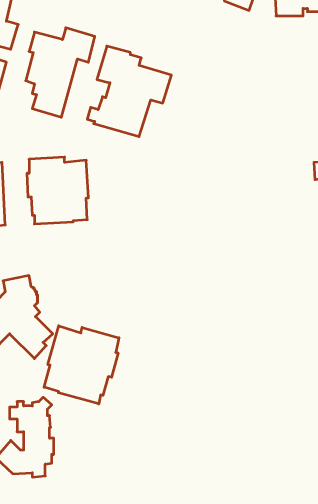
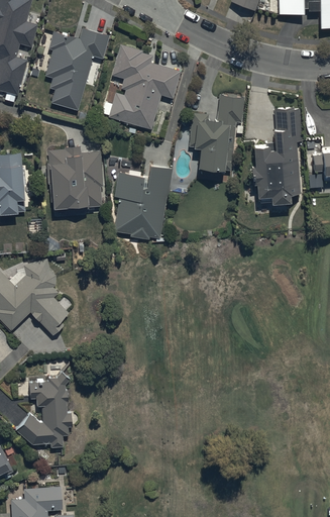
building: none -> [191,93,245,174]
building: none -> [252,105,302,203]
building: none -> [114,166,173,239]
building: [44,326,119,404] -> none

